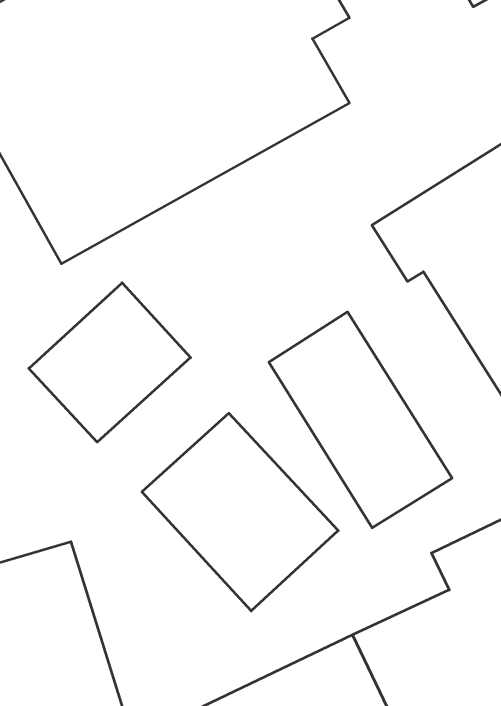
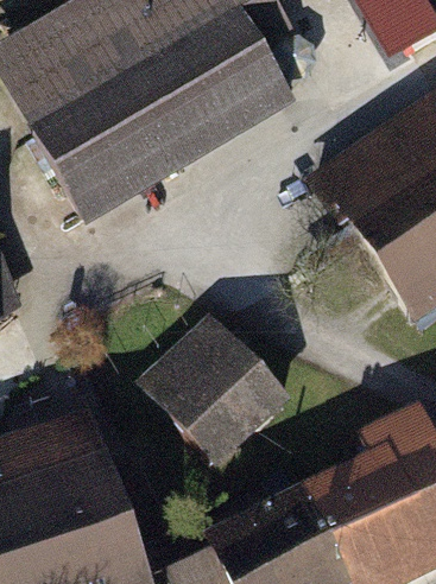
building: [29,283,191,442] -> none
building: [269,312,452,528] -> none

